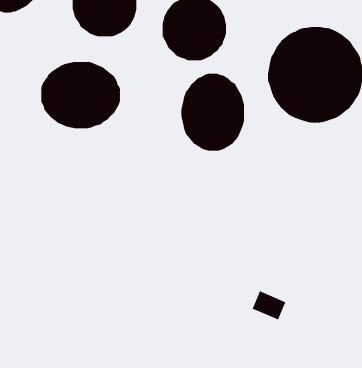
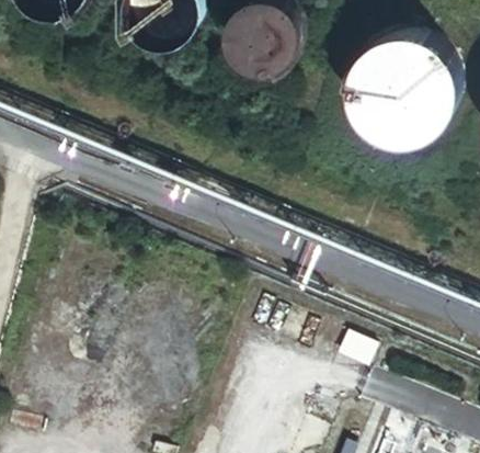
building: [41,61,120,129] -> none
building: [181,73,245,152] -> none

